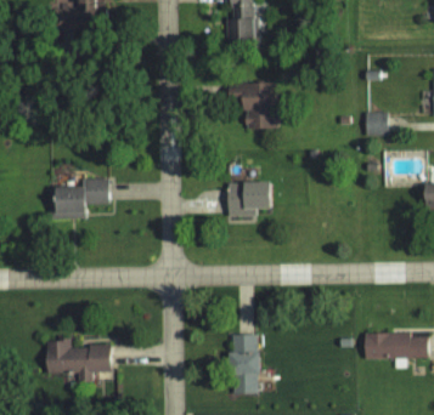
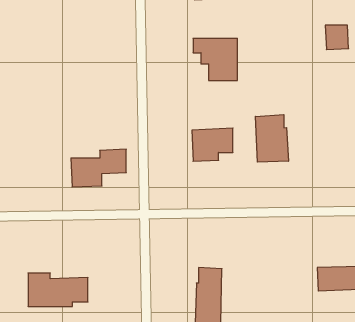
building: [365,112,390,138] -> [325,25,349,50]
building: none -> [255,115,288,162]
building: [50,177,111,218] -> [71,149,126,187]

